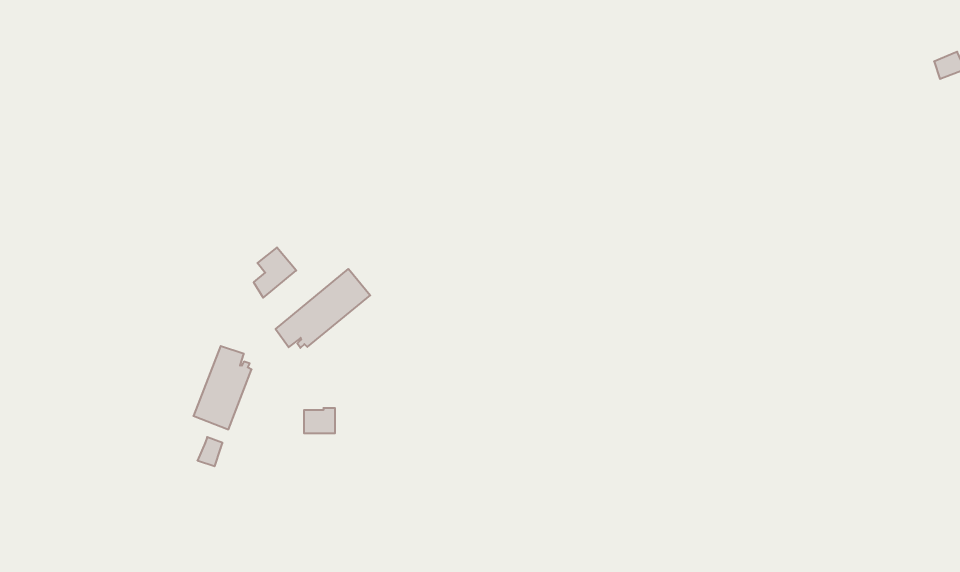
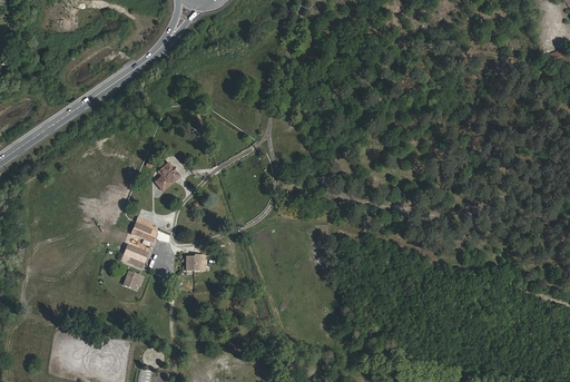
building: [276,269,370,348] -> none

